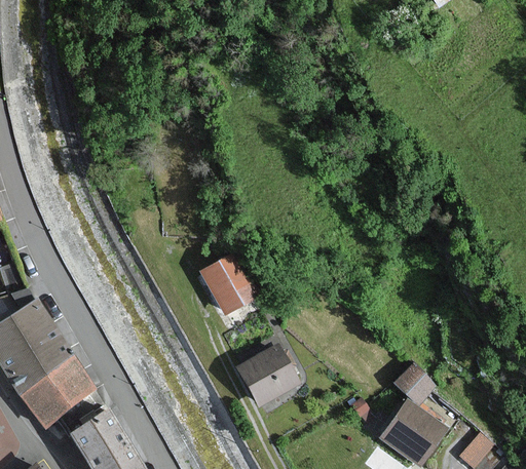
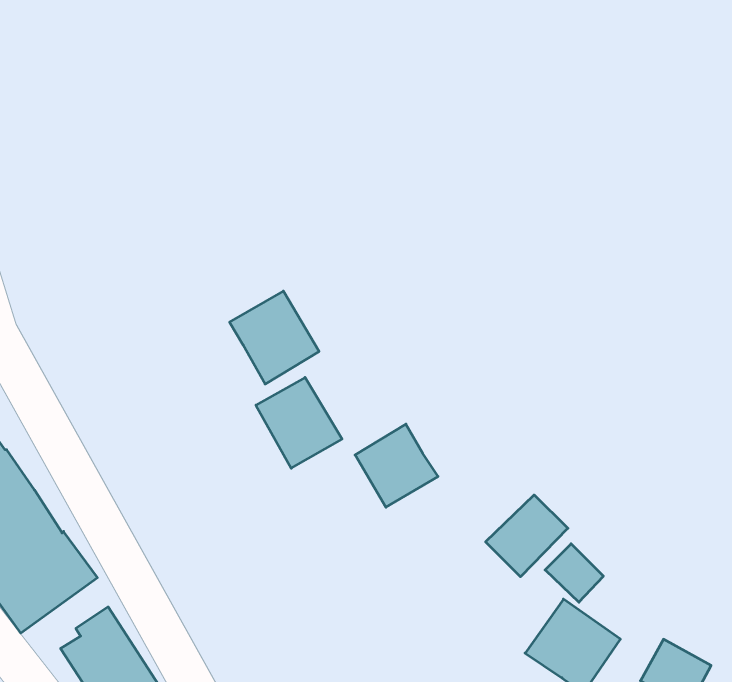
building: none -> [230,291,319,384]
building: none -> [486,495,568,577]
building: [240,348,296,403] -> [355,424,438,507]

